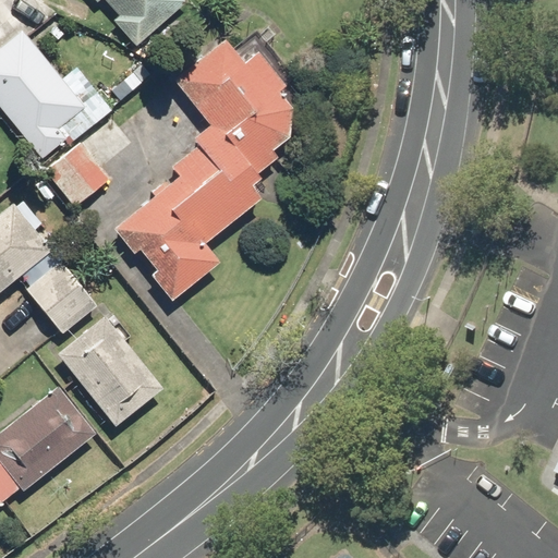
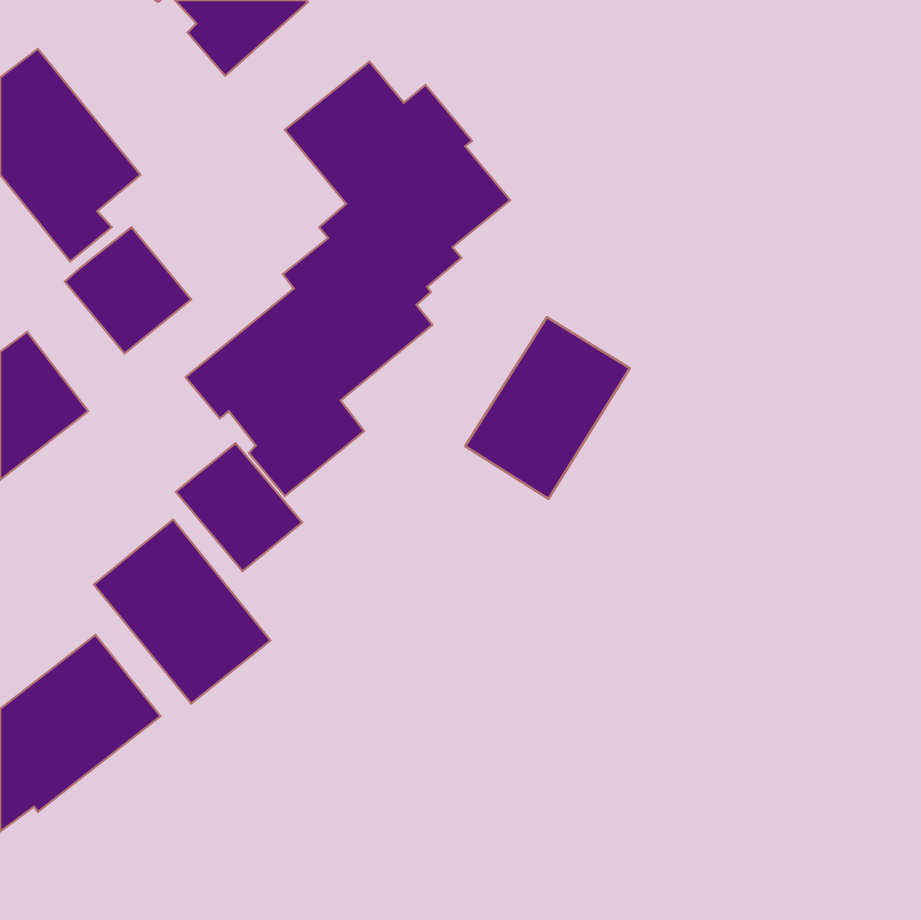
building: none -> [465,317,630,499]
building: [23,260,99,338] -> [176,443,302,571]

